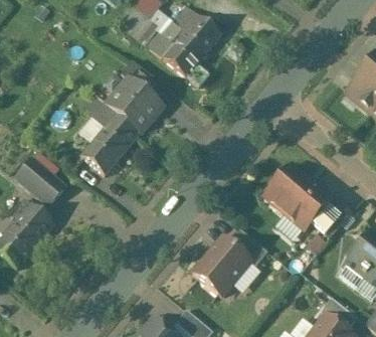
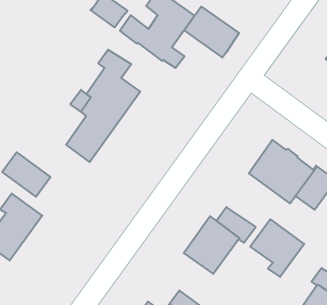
building: none -> [184,7,239,58]
building: none -> [250,219,304,277]

